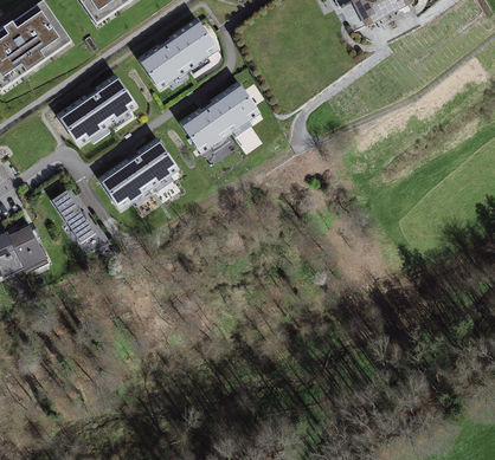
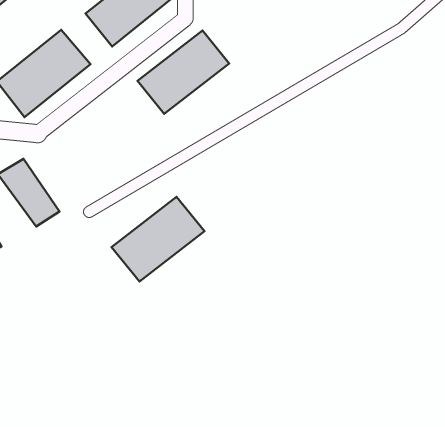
building: [97,137,180,209] -> [112,197,205,282]

